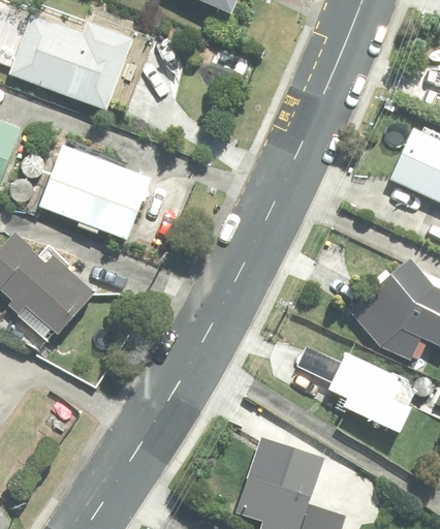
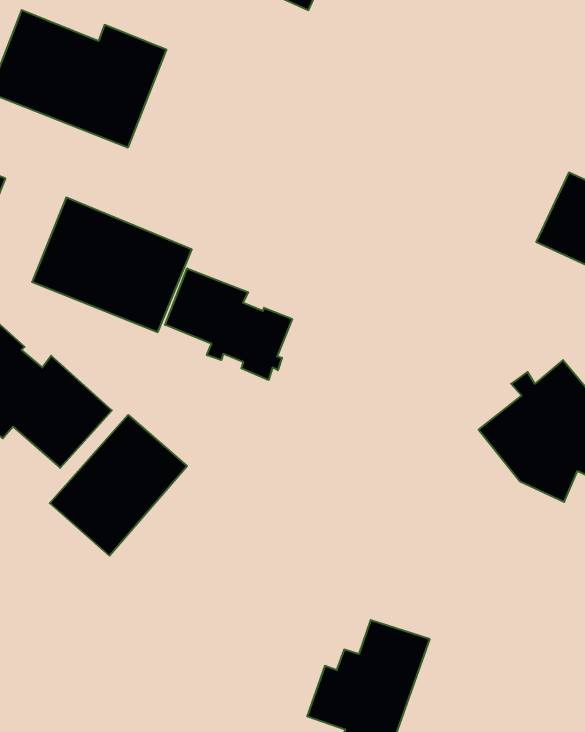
building: none -> [165,268,292,380]
building: none -> [50,415,187,556]
building: [304,349,412,434] -> none

